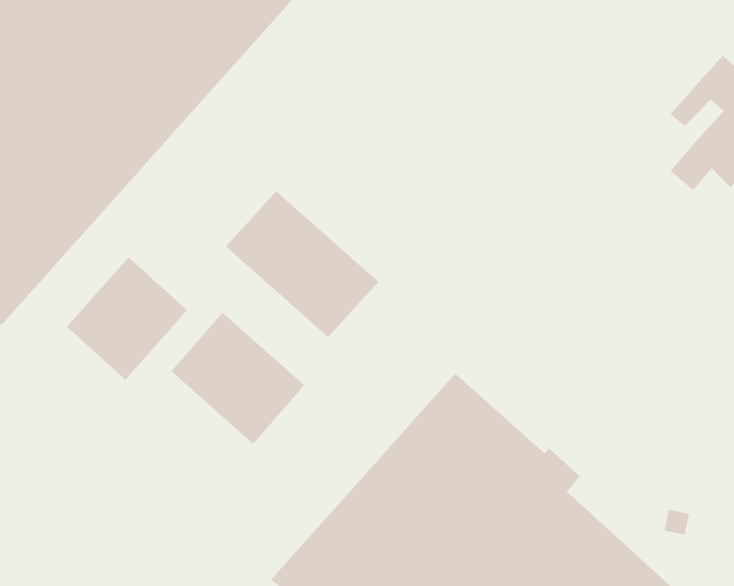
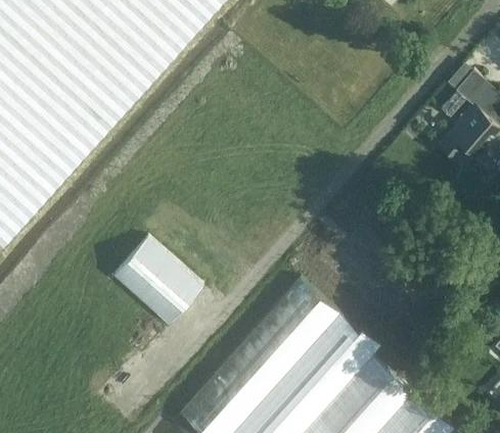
building: [225,191,379,338] -> none
building: [66,257,188,380] -> none

